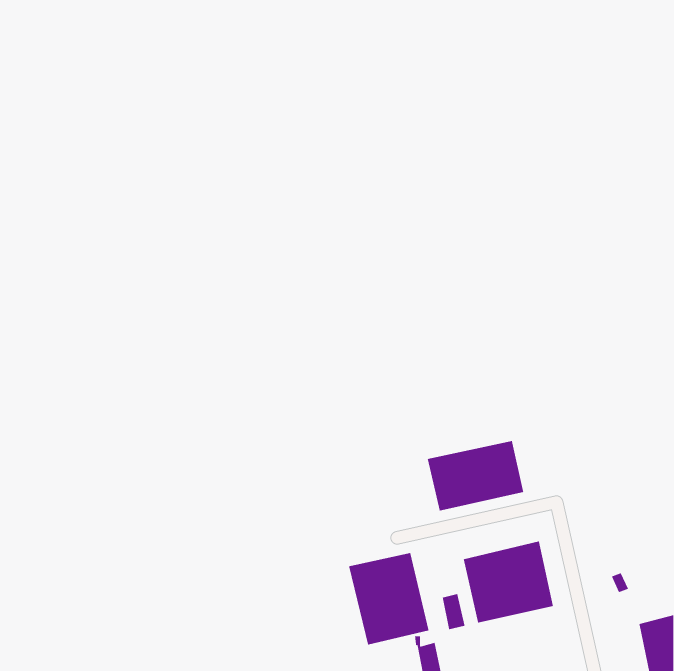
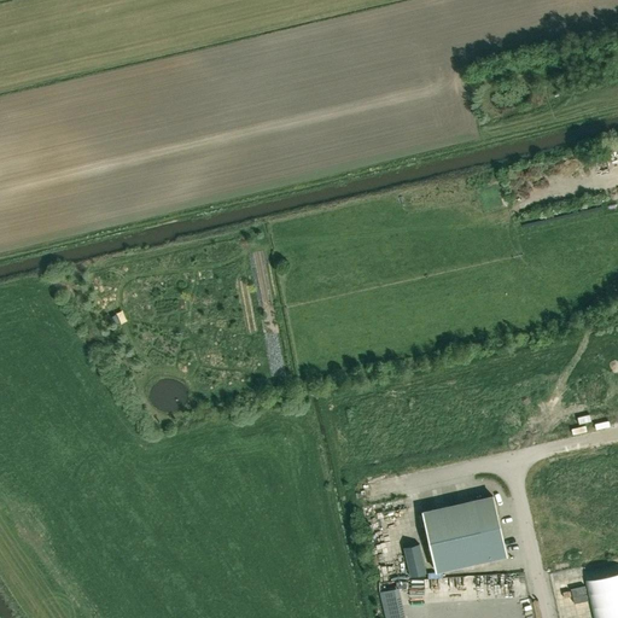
building: [427,440,524,512] -> none
building: [348,552,430,646] -> none

